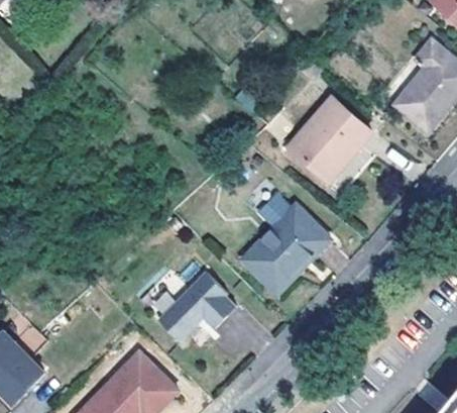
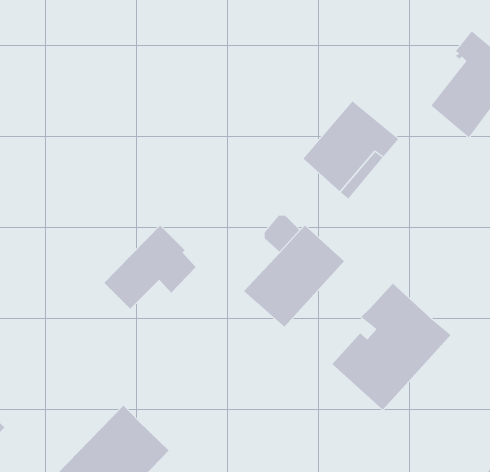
building: none -> [331,283,452,411]
building: [158,271,236,341] -> [103,225,197,309]

